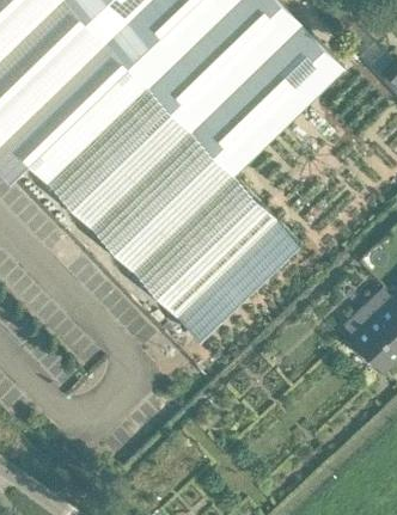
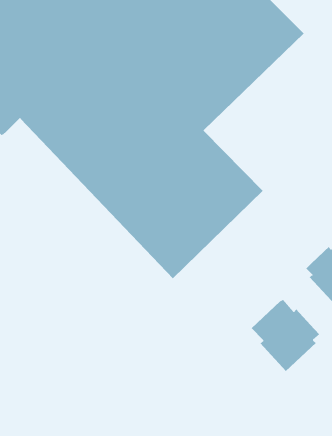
building: none -> [251,299,320,372]

